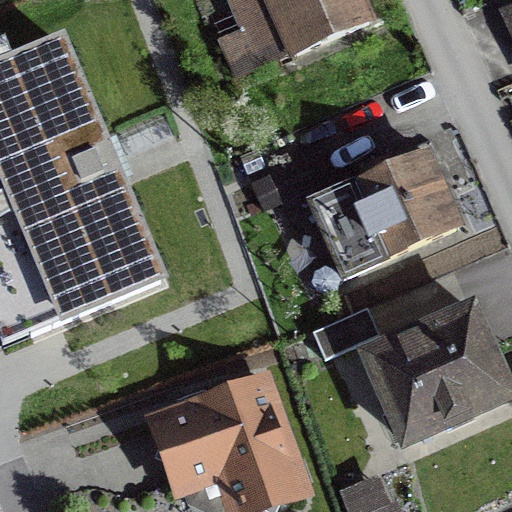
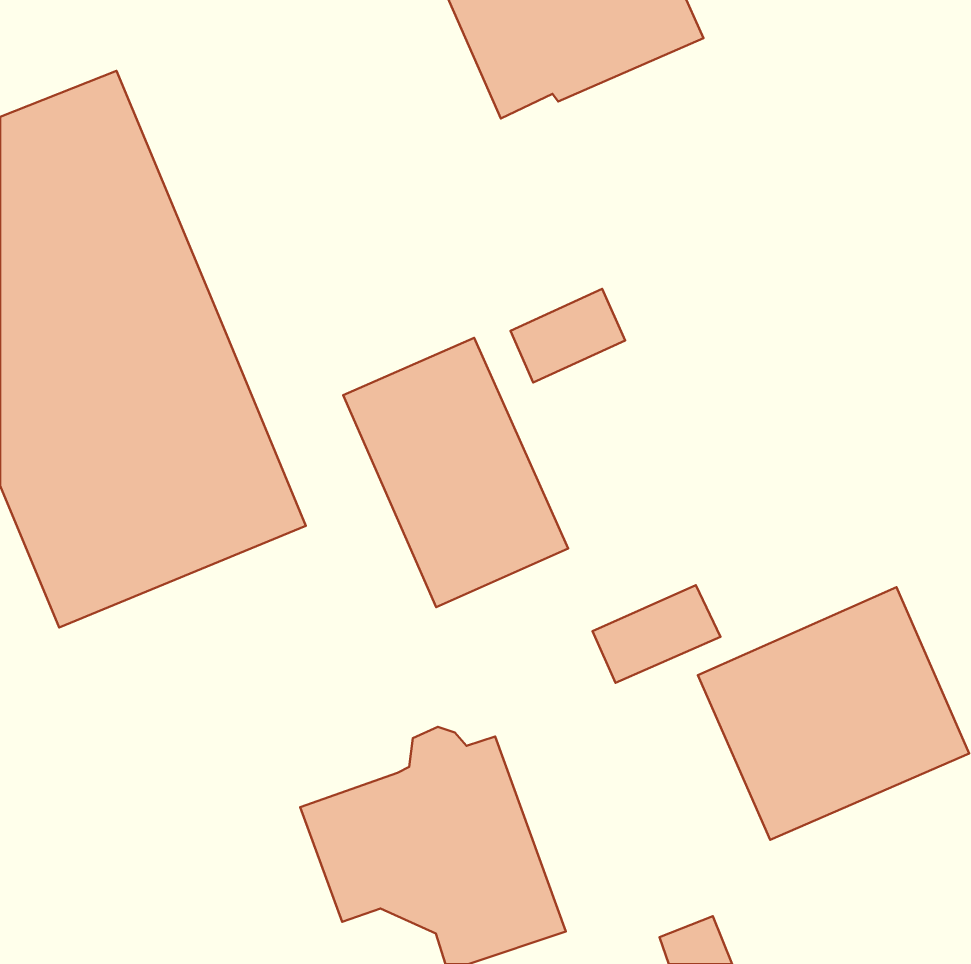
building: [311,151,459,277] -> none
building: none -> [343,338,568,607]

